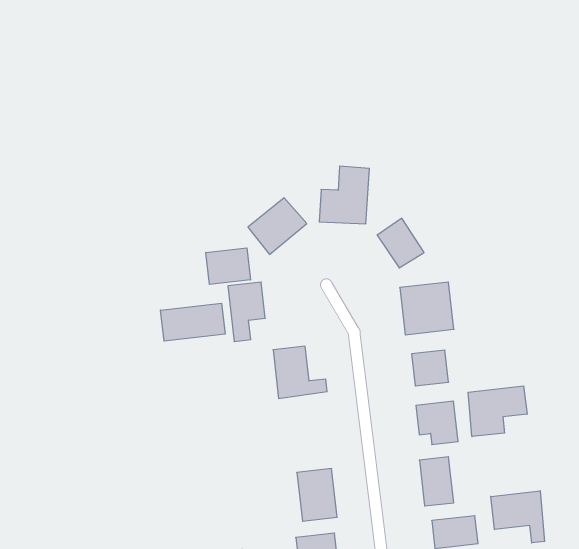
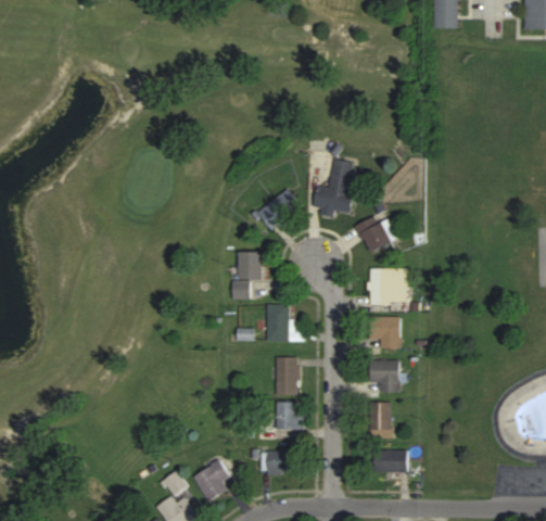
building: [206,248,250,284] -> none
building: [161,303,225,341] -> none
building: [468,386,527,437] -> none
building: none -> [276,358,300,396]
building: [491,491,545,543] -> none

